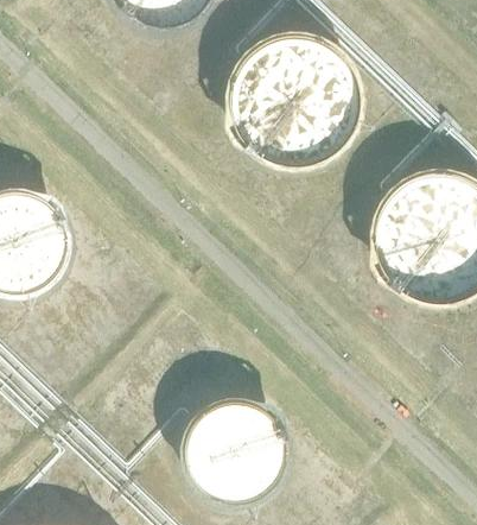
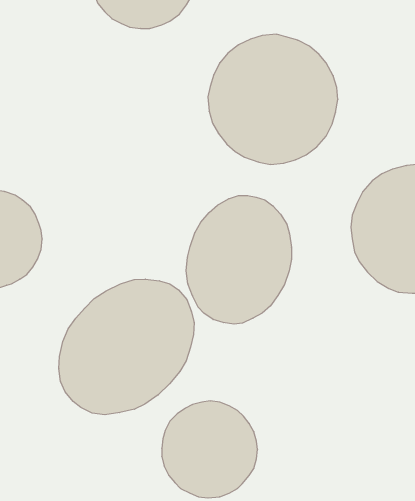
building: none -> [186,196,291,324]
building: none -> [59,279,194,415]

